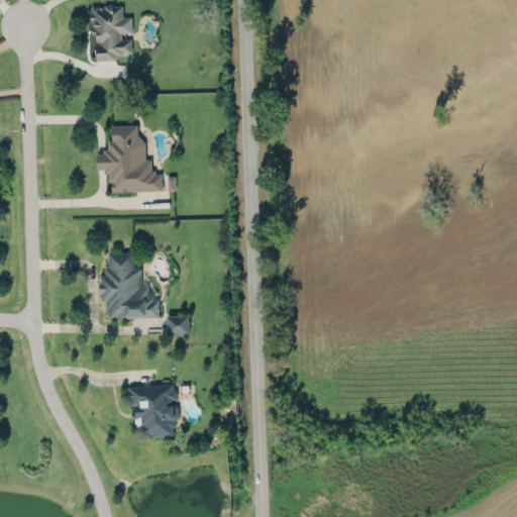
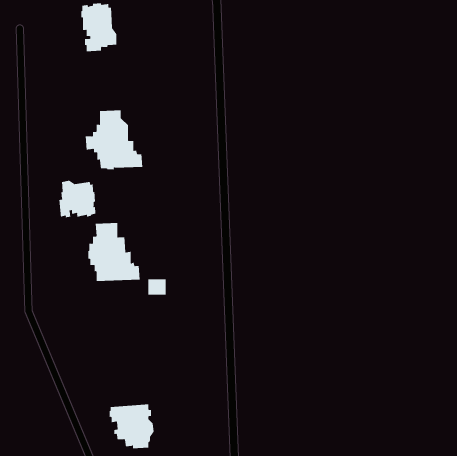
building: none -> [59,180,96,218]
building: [127,385,179,435] -> [109,404,155,449]

